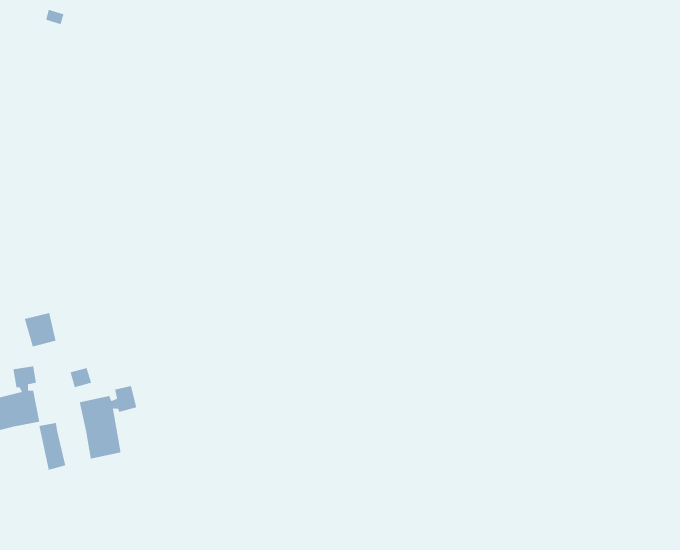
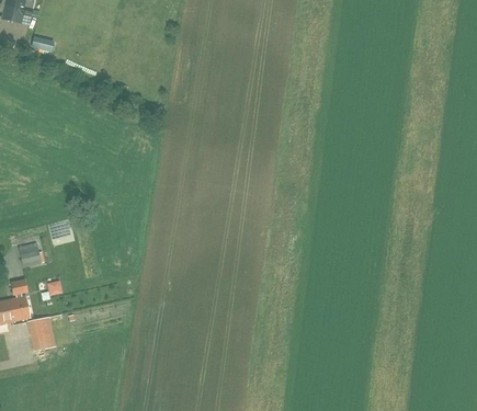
building: [79,385,137,460] -> none

